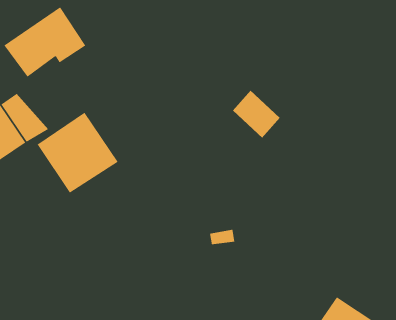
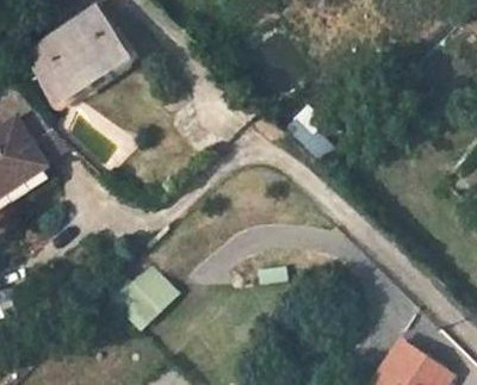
building: [37,112,119,194] -> none
building: none -> [112,268,175,322]

